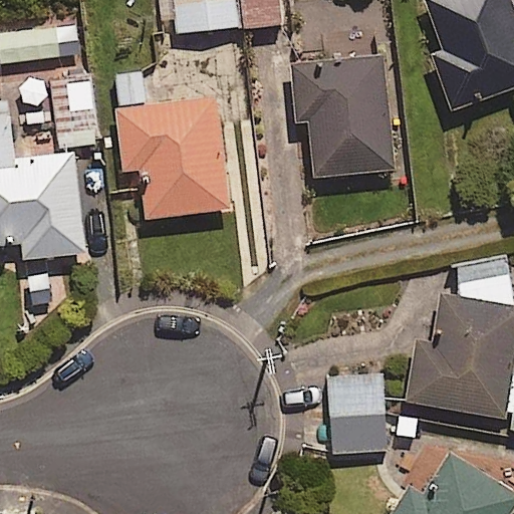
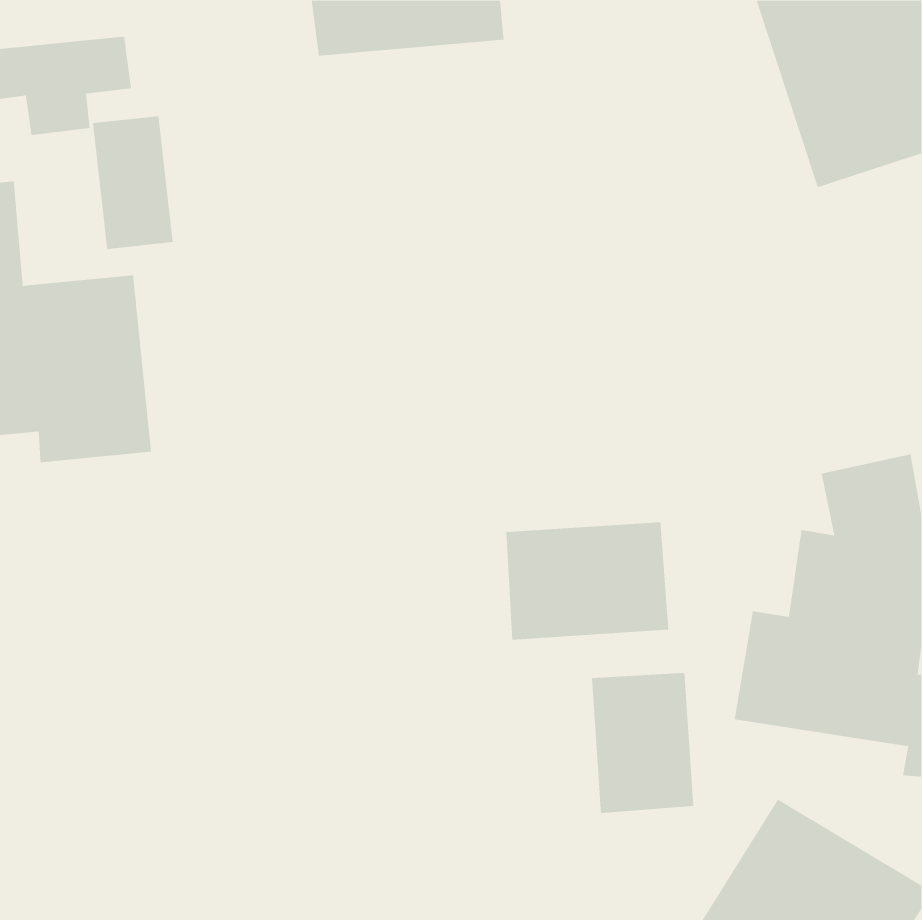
building: [293,57,394,177] -> none
building: [113,69,229,218] -> none
building: none -> [506,521,669,641]

